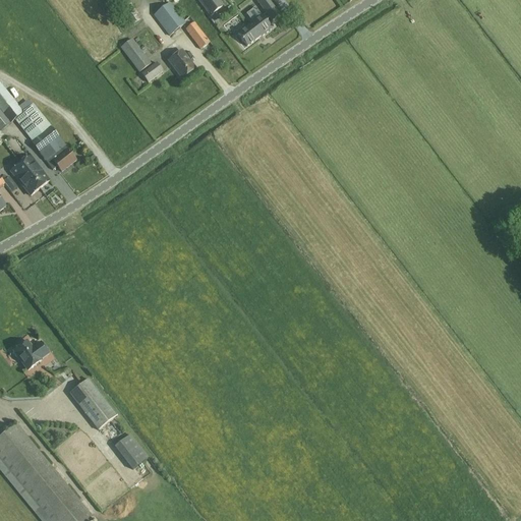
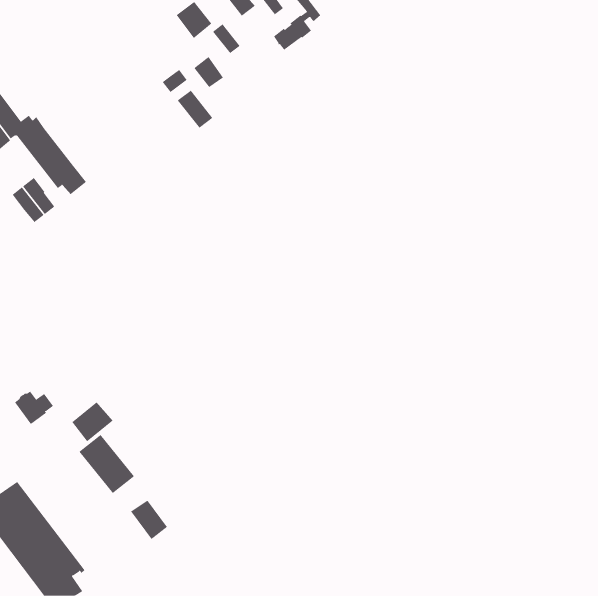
building: [119,37,151,70] -> [177,90,213,129]
building: none -> [71,401,114,442]

